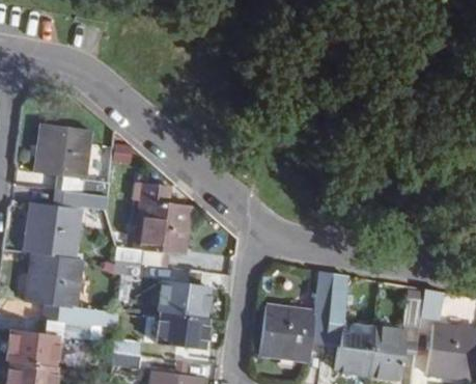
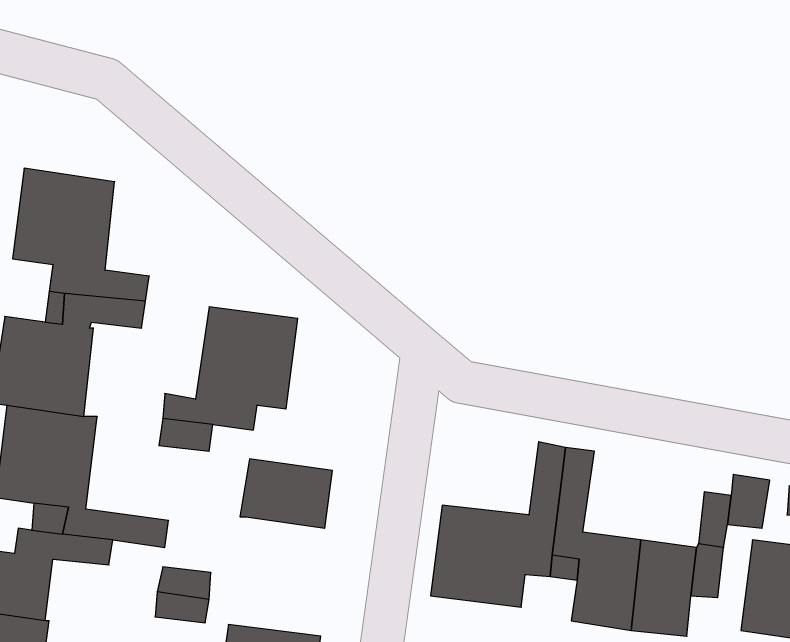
building: [158,311,206,348] -> none

